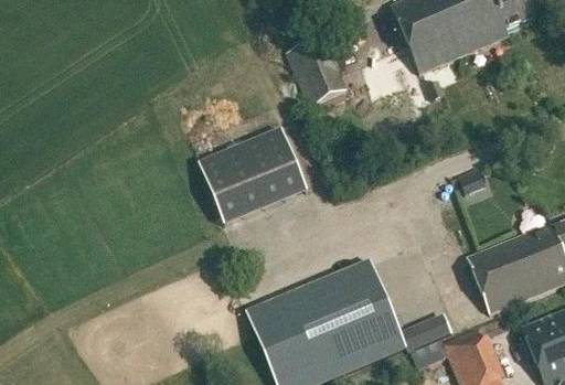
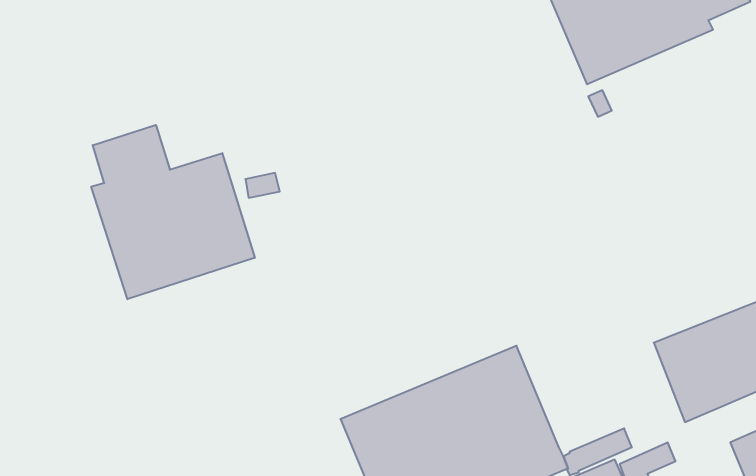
building: [288,35,348,104] -> none
building: none -> [91,125,255,299]
building: [205,118,313,215] -> none

